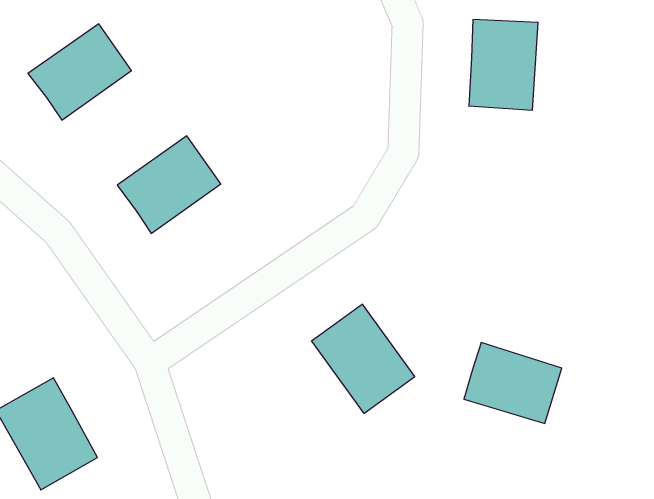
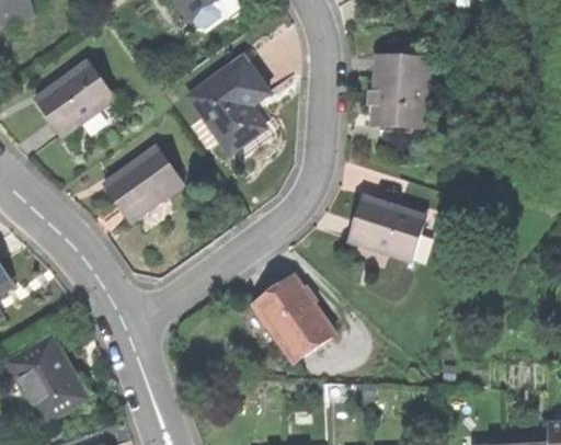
building: none -> [187,57,267,153]
building: [464,343,562,423] -> [348,197,424,260]

